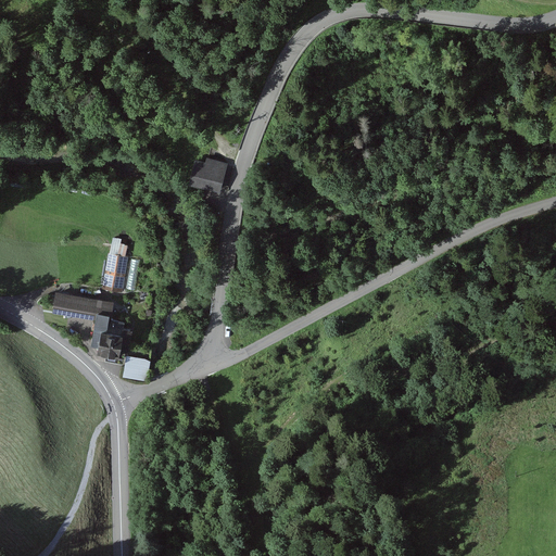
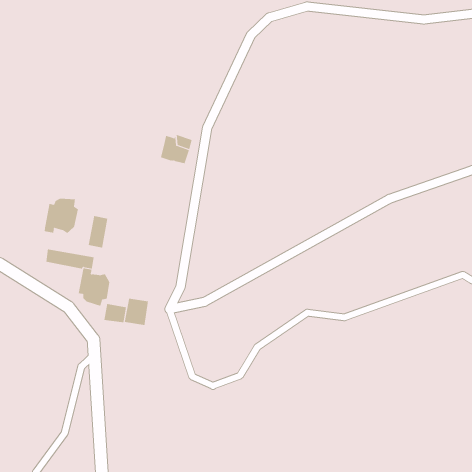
building: none -> [44,198,78,234]
building: none -> [124,298,149,326]

